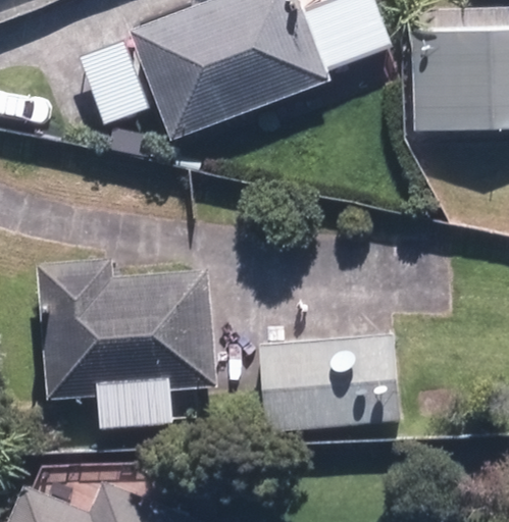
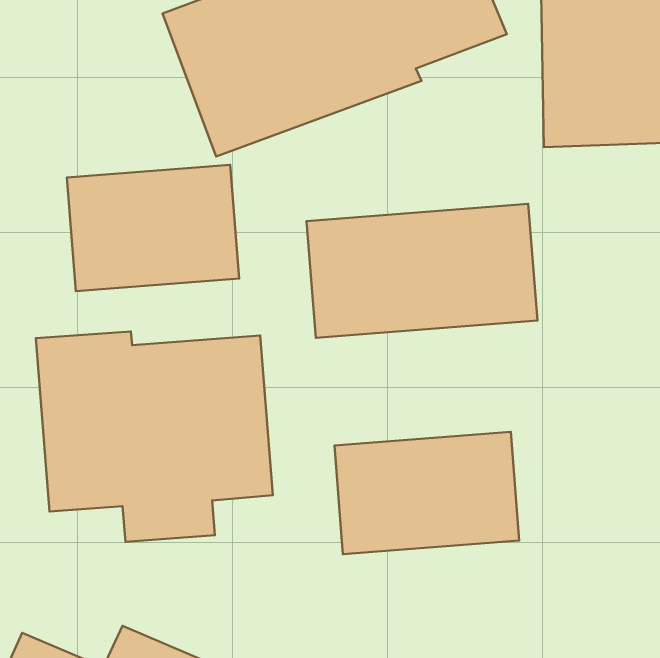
building: none -> [67,165,239,291]
building: none -> [306,204,538,338]

